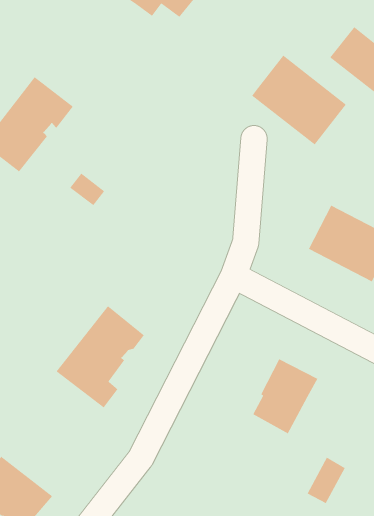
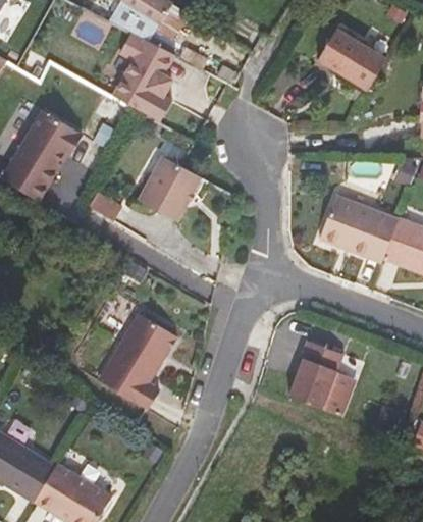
building: none -> [112,32,174,122]
building: [251,55,347,146] -> none
building: none -> [139,156,201,221]
building: [306,457,346,504] -> [321,374,355,418]

